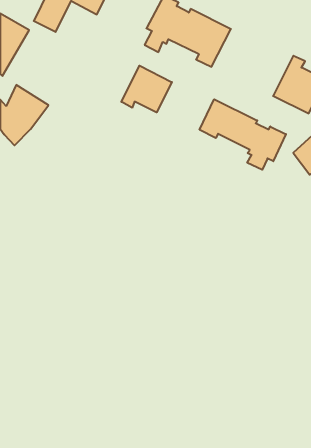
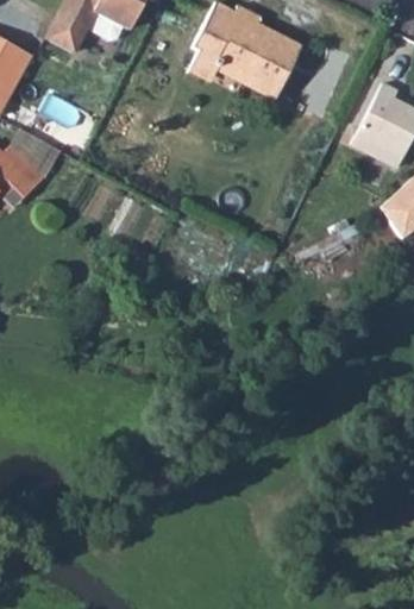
building: [121,66,172,112] -> none
building: [200,99,286,170] -> none

